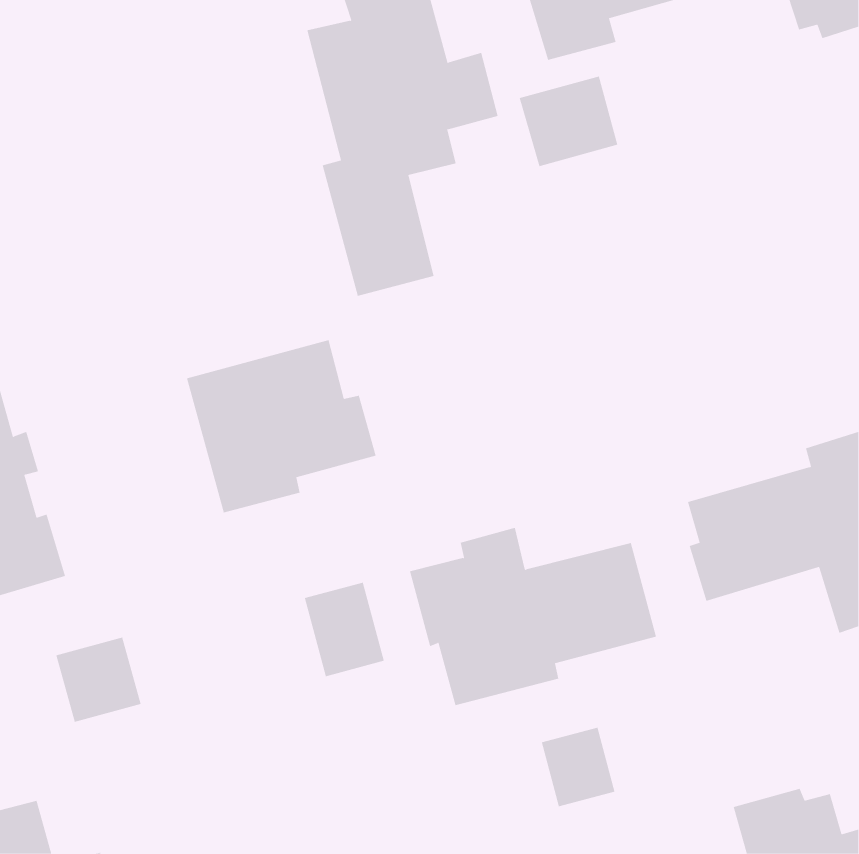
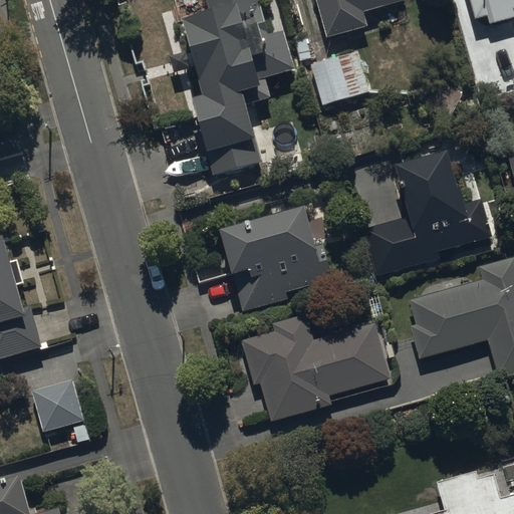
building: none -> [362,153,492,275]
building: [186,340,376,513] -> [221,209,334,312]
building: [304,582,384,677] -> none
building: [541,727,615,807] -> none

